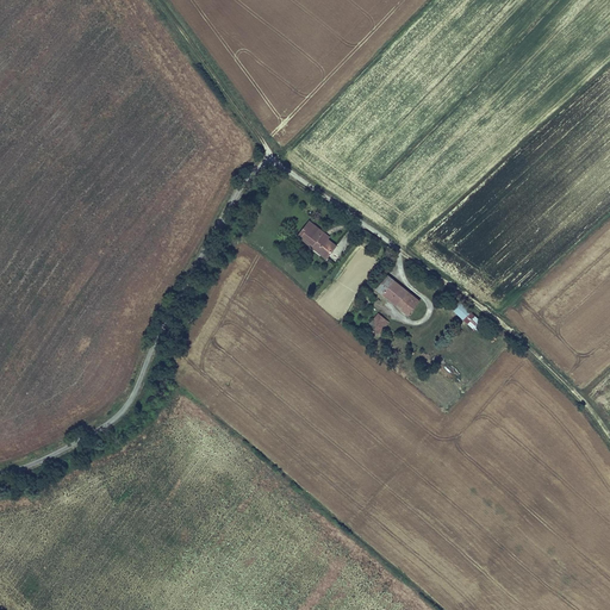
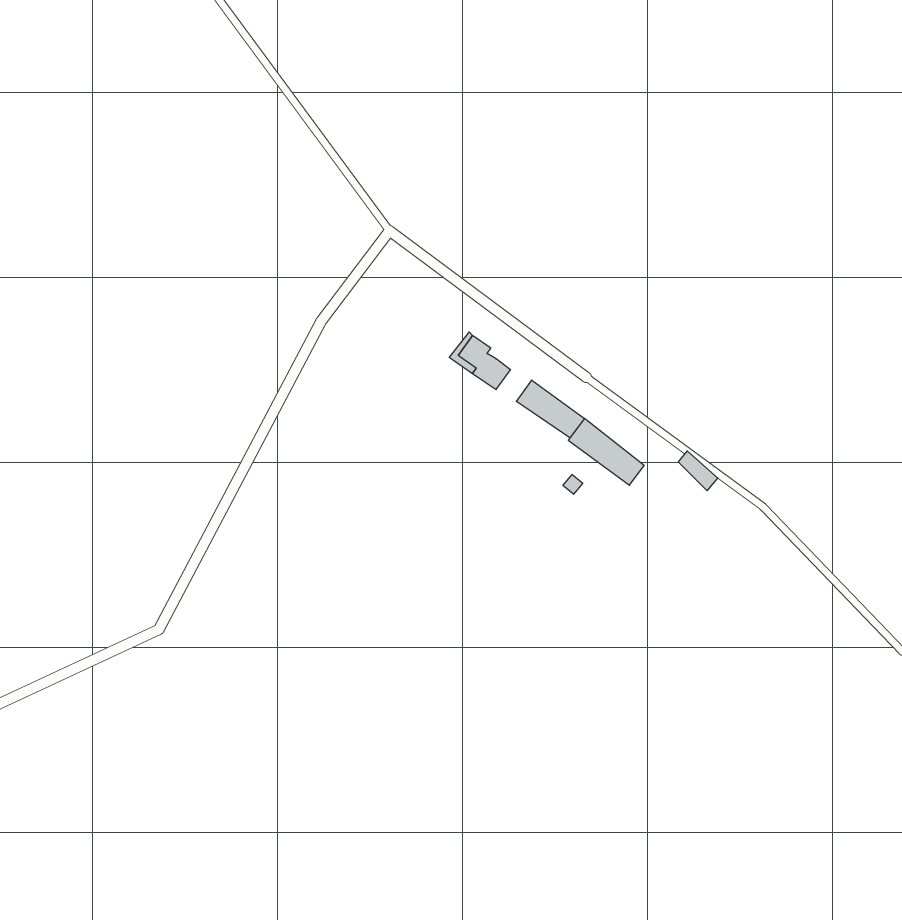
building: none -> [516,380,584,438]

